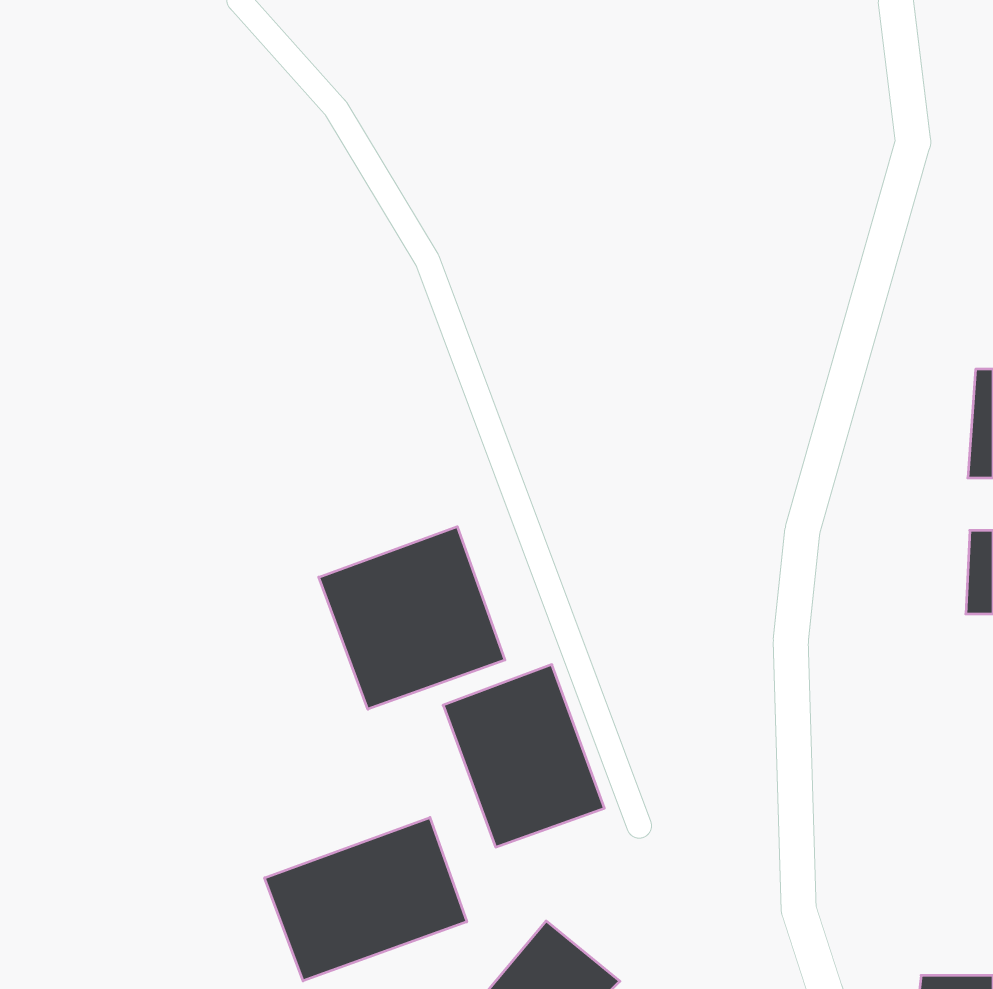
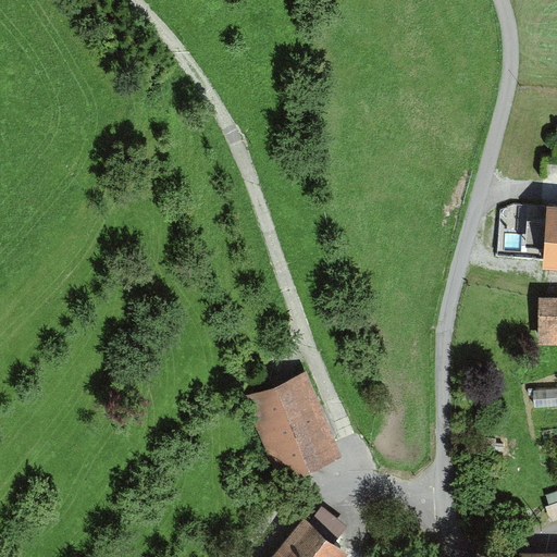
building: [319,527,505,709] -> none
building: [265,817,467,981] -> none

